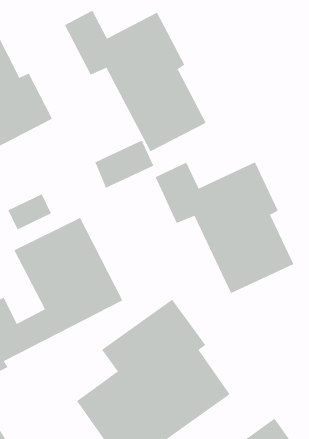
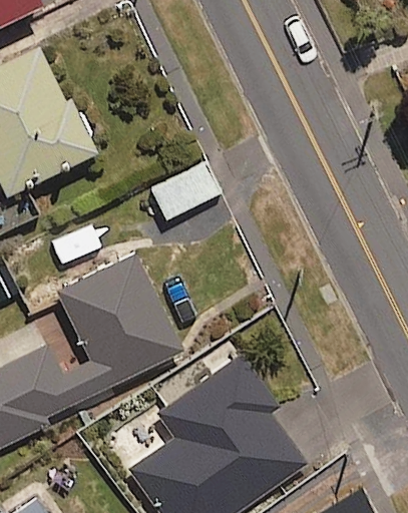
building: [64,10,206,152] -> none
building: [155,161,294,294] -> none

